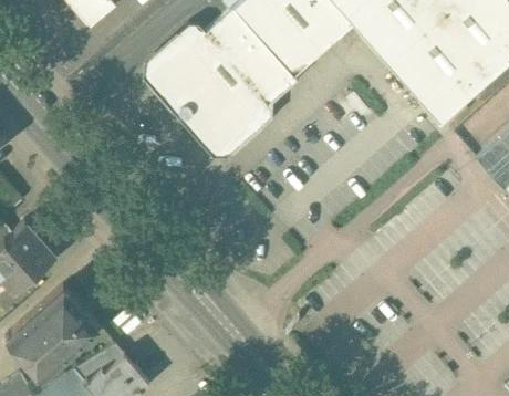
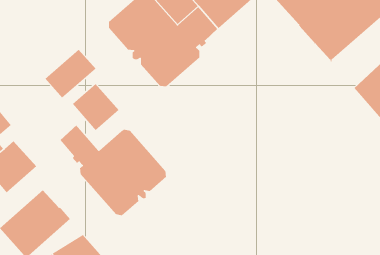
building: none -> [45,49,96,99]
building: none -> [72,83,119,131]
building: none -> [60,125,167,216]

